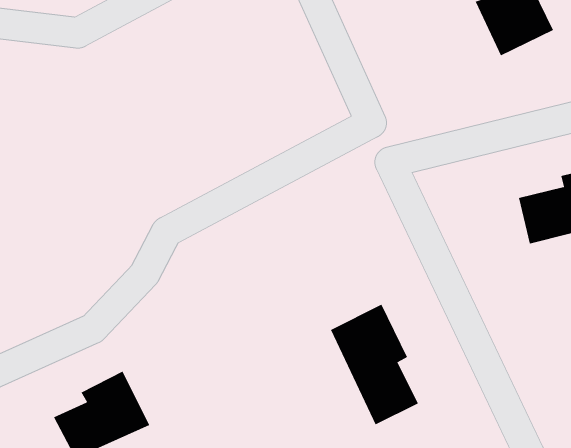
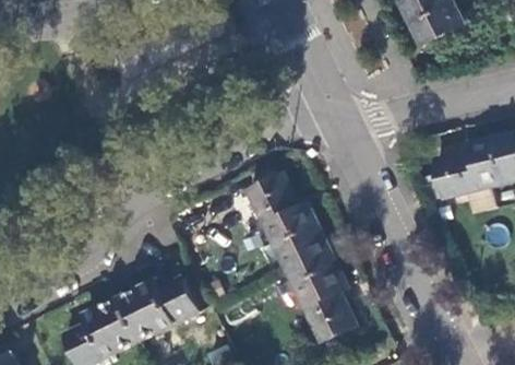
building: none -> [247,173,325,266]
building: none -> [118,279,196,342]

